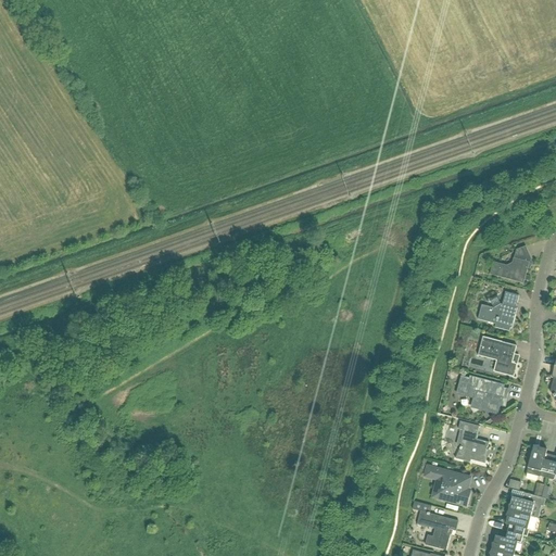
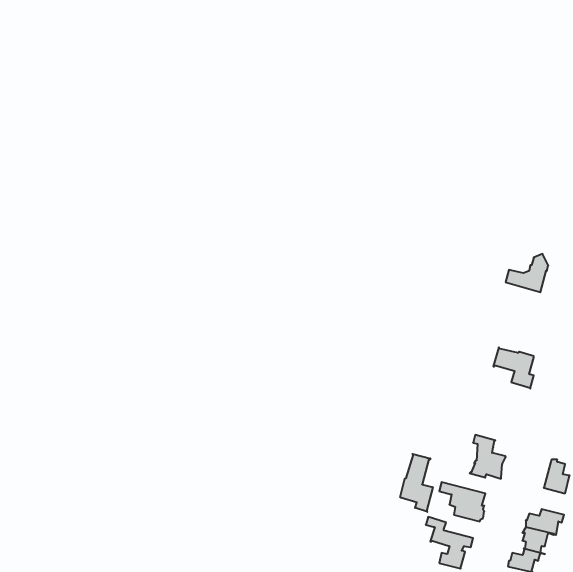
building: [477,291,518,330] -> none
building: [457,376,508,412] -> none
building: none -> [400,454,433,512]

